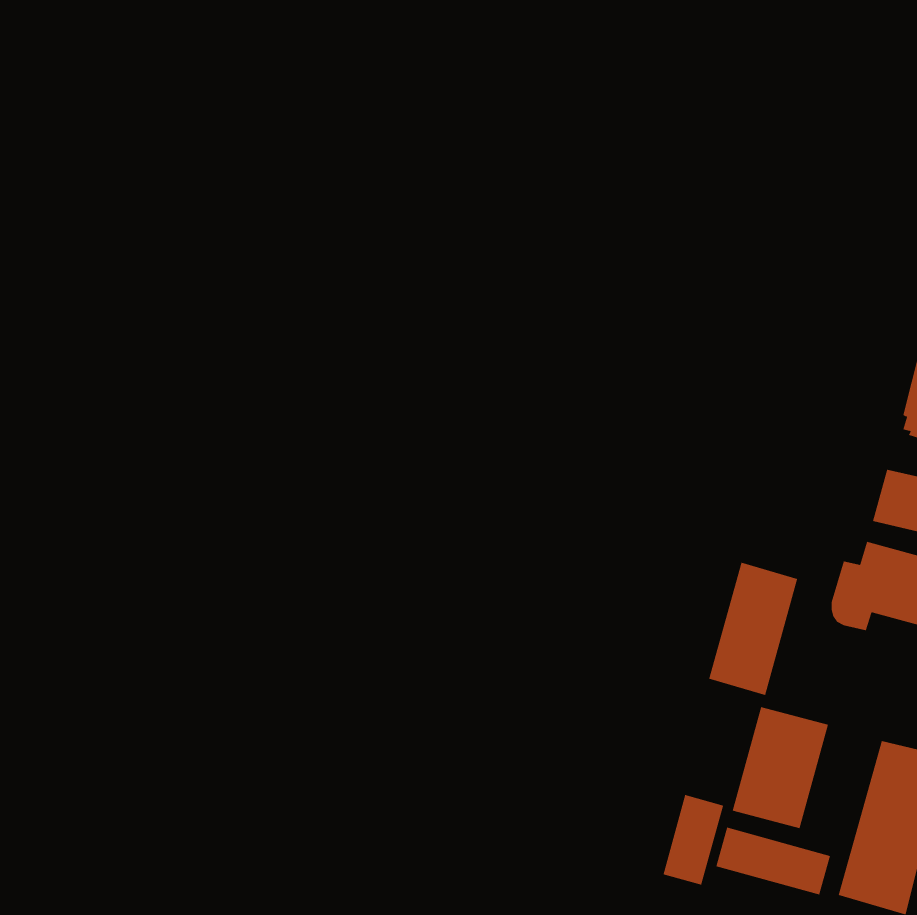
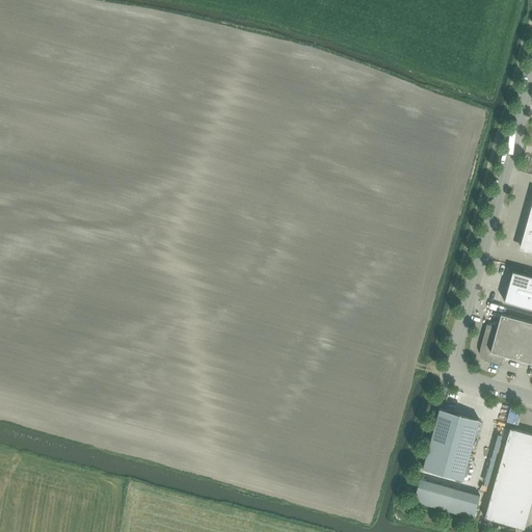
building: [709,562,798,696] -> none
building: [663,794,724,886] -> none

